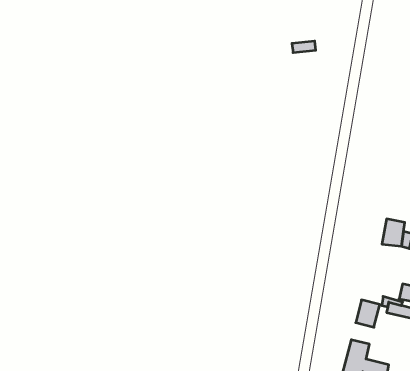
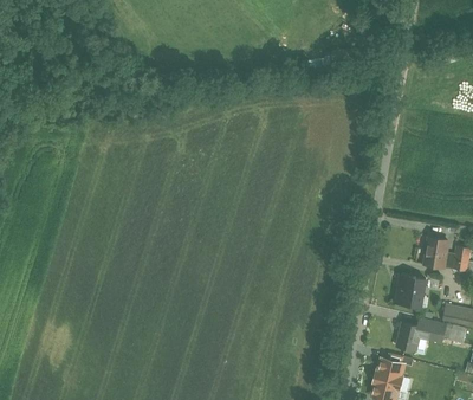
building: none -> [393,273,422,307]

